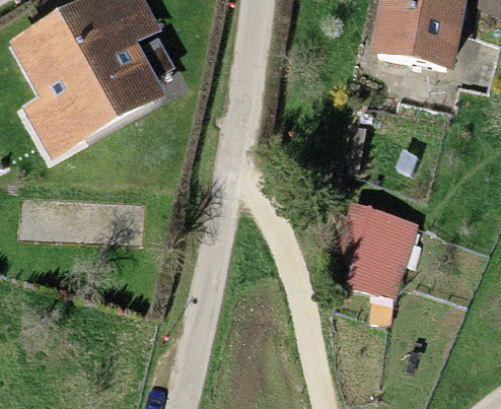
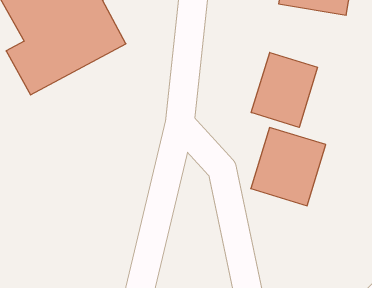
building: none -> [251,52,318,127]

